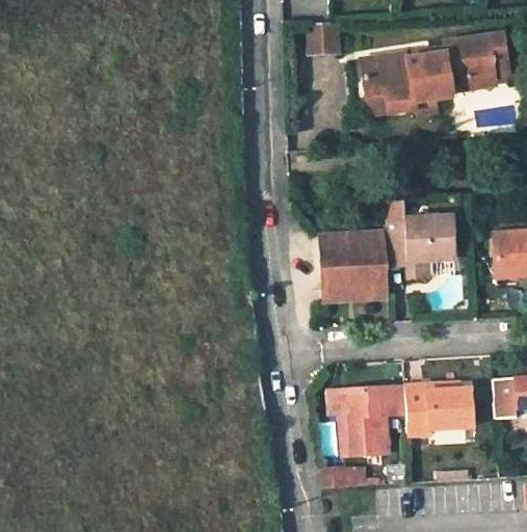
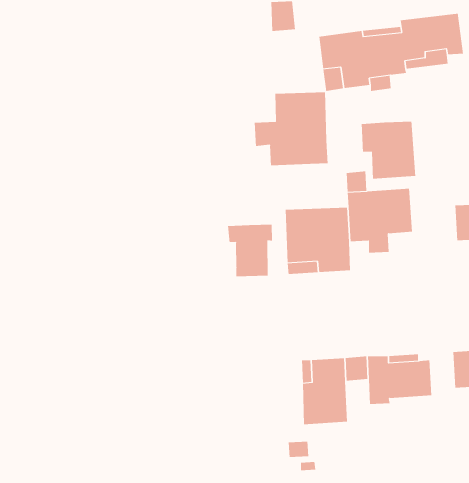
building: none -> [254,91,328,166]
building: none -> [361,121,416,179]
building: none -> [228,224,273,277]

